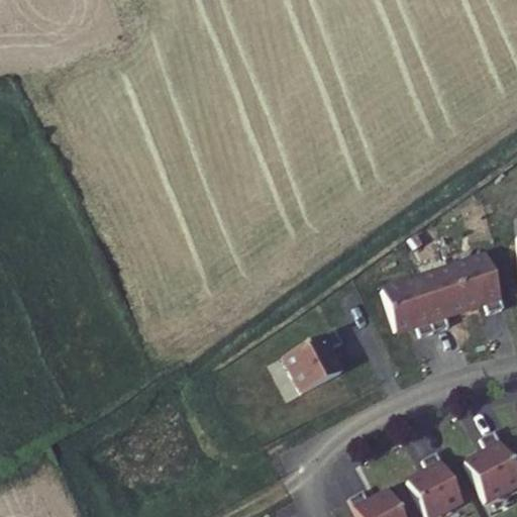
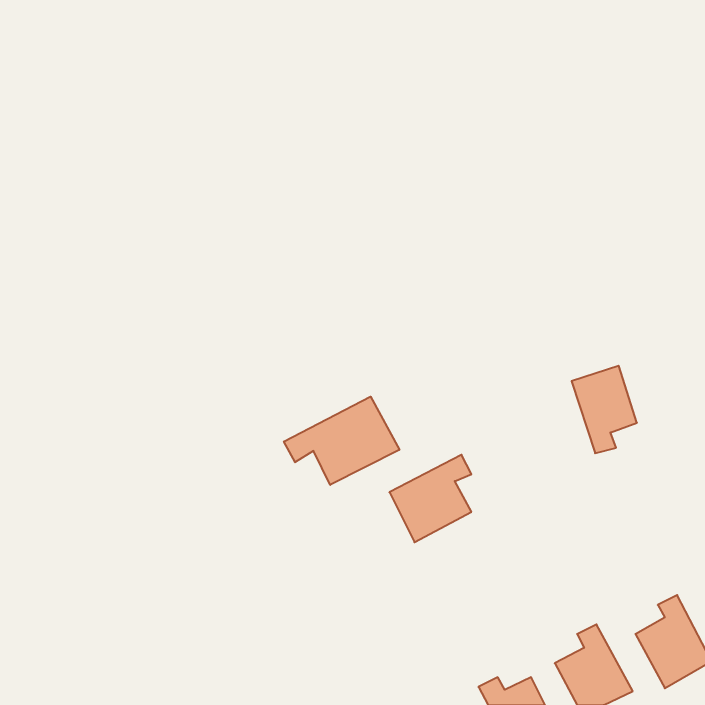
building: [453,254,506,311] -> none
building: [384,277,436,334] -> none
building: none -> [284,397,399,485]

